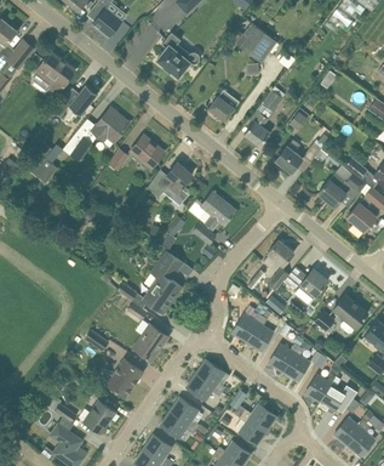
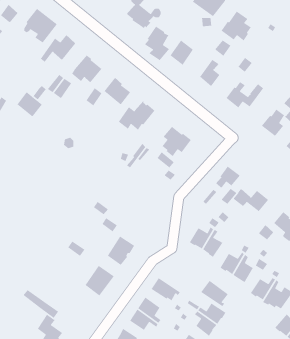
building: none -> [221,11,252,42]
building: none -> [144,26,170,61]
building: [145,250,182,313] -> none
building: [195,359,229,392] -> [200,280,229,307]
building: [84,400,115,433] -> none

